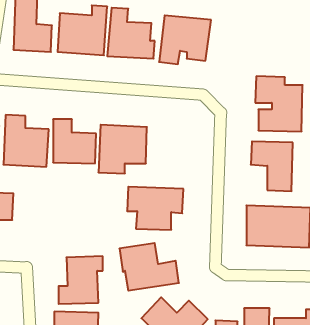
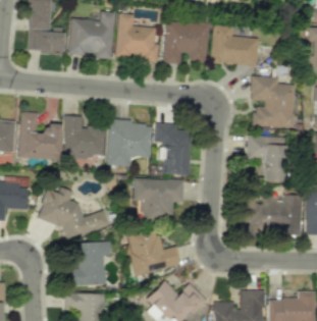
building: none -> [210,24,258,67]
building: none -> [154,123,191,175]
building: none -> [37,188,108,239]

